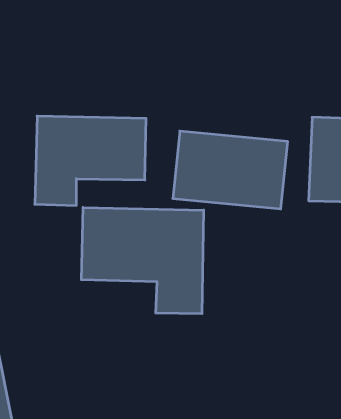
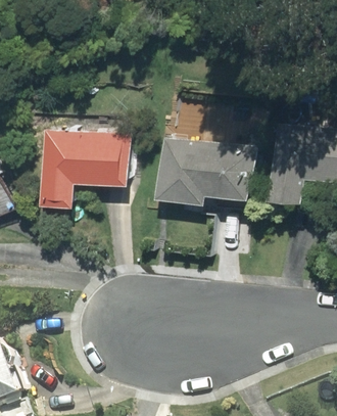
building: [81,207,204,314] -> none

